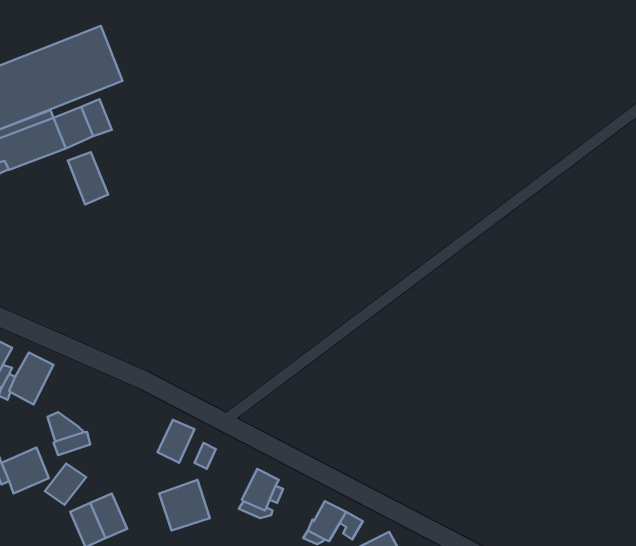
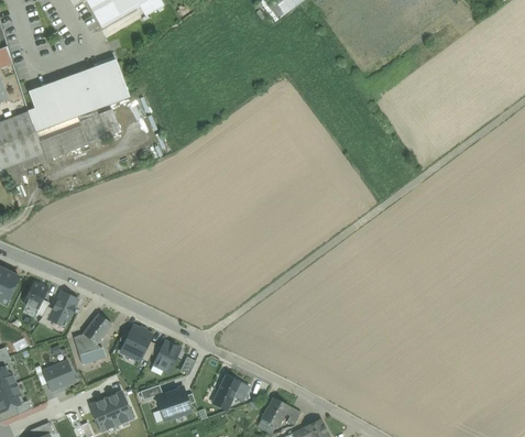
building: [68,152,108,205] -> none
building: none -> [120,320,154,358]
building: [45,463,86,505] -> [83,314,112,343]

